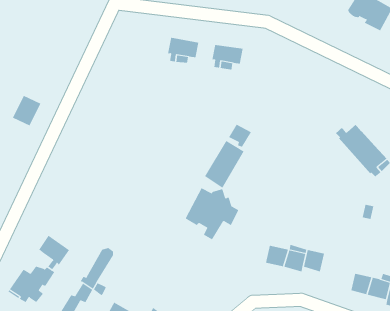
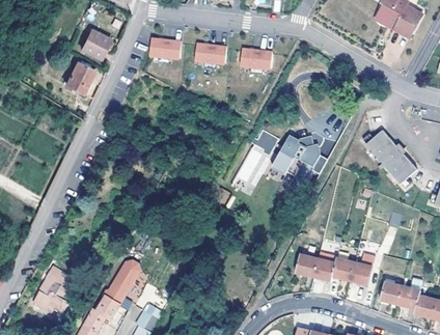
building: none -> [81,31,109,59]
building: none -> [150,37,183,60]
building: [12,95,41,126] -> [63,62,92,93]
building: [185,188,239,240] -> [274,135,329,188]
building: [38,235,70,270] -> none
building: none -> [350,251,375,283]

